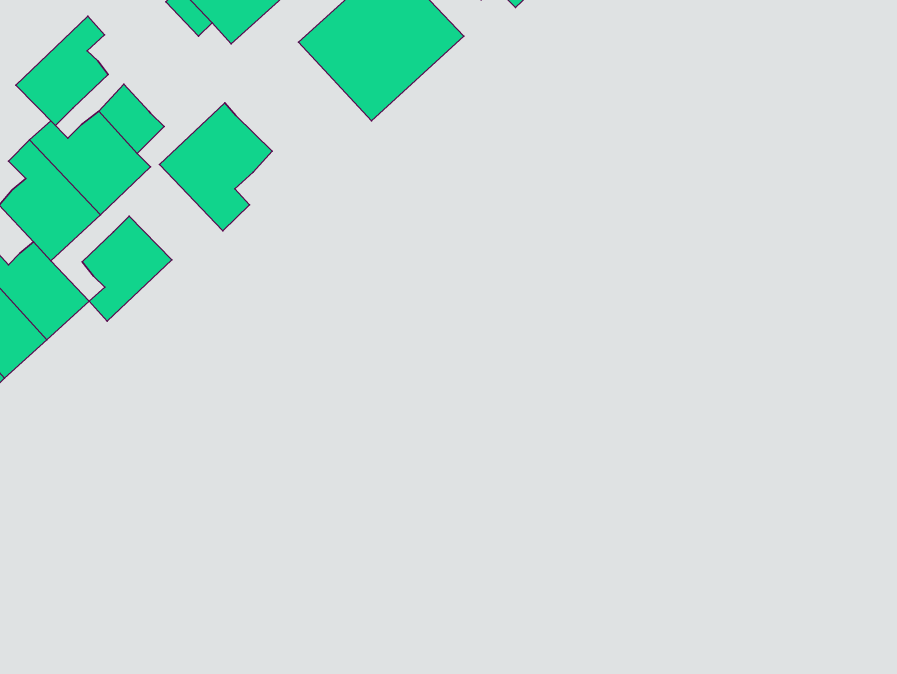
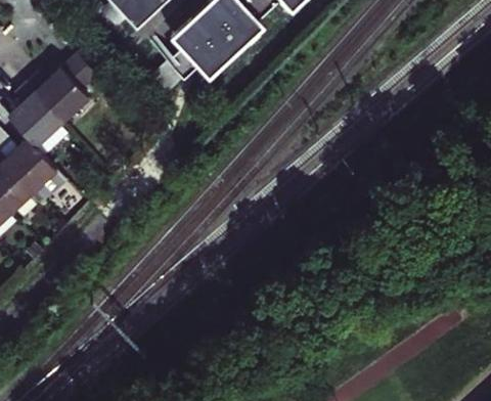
building: [16,16,108,126] -> none
building: [160,103,272,231] -> none
building: [82,216,172,321] -> none

